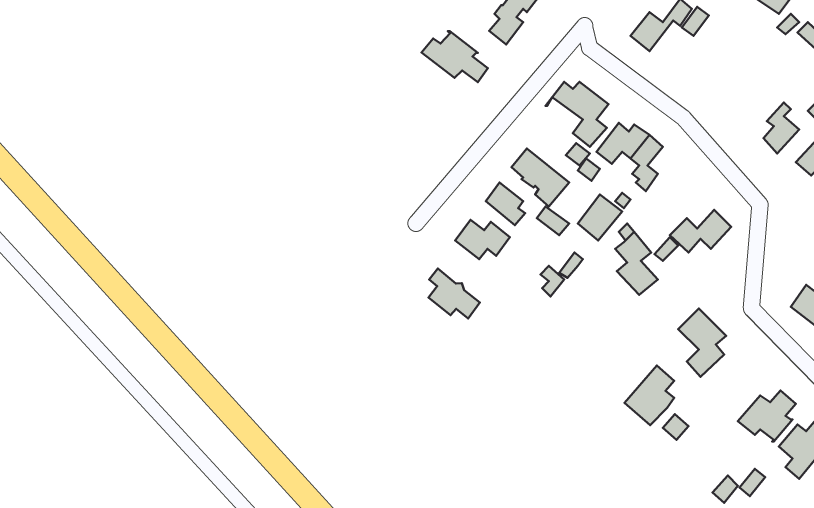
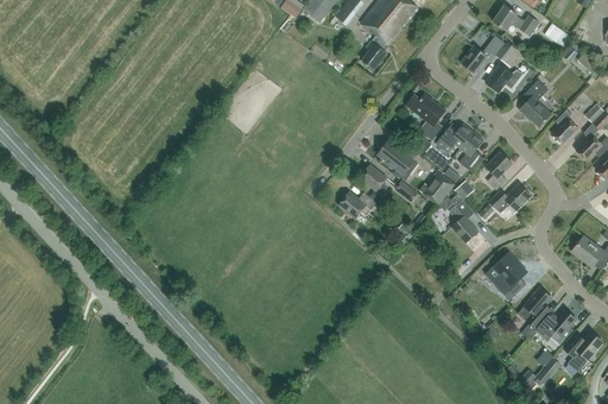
building: [421,31,488,82] -> none
building: none -> [486,64,524,93]
building: none -> [520,80,551,127]
building: none -> [486,151,513,190]
building: [428,268,480,318] -> none
building: [625,365,674,425] -> [518,288,552,329]

